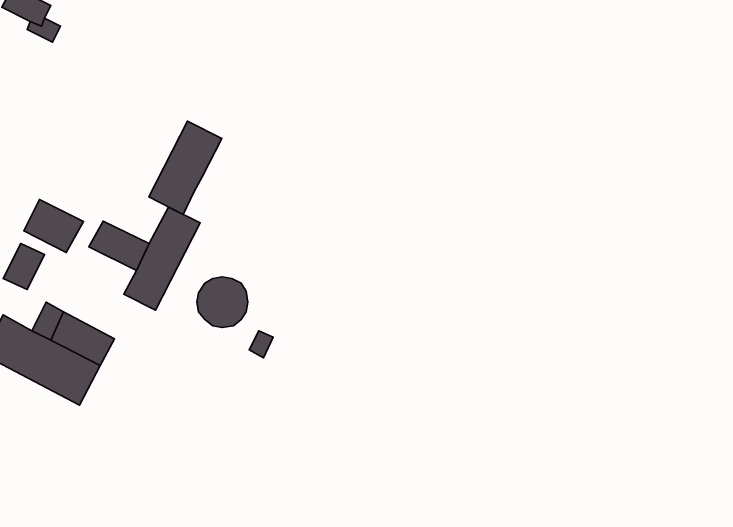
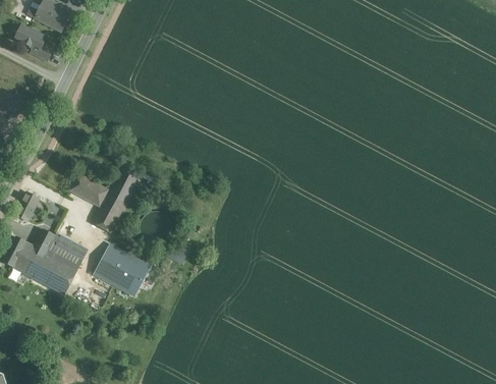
building: [149,121,222,215] -> none
building: [24,200,84,252] -> none
building: none -> [94,244,150,295]

